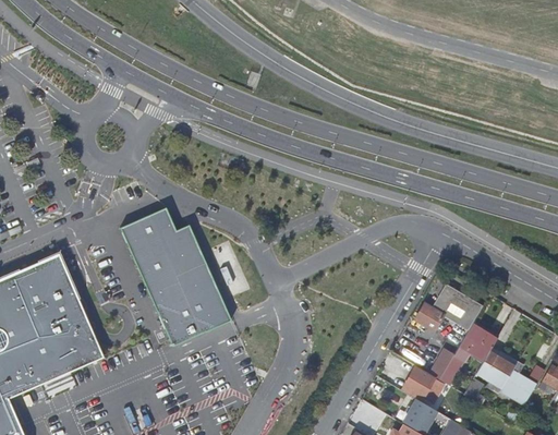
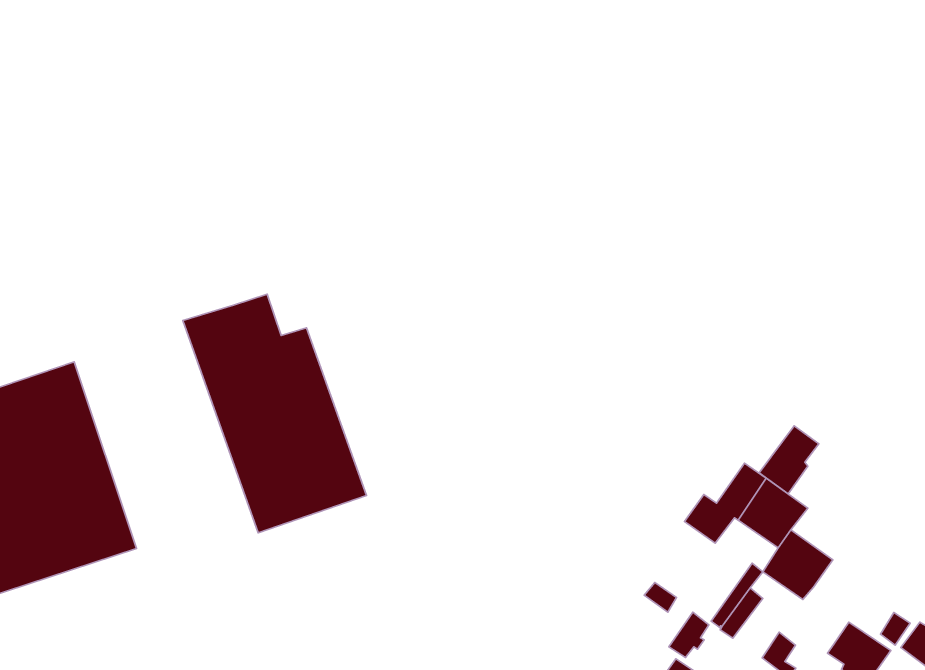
building: none -> [759,426,819,494]
building: [475,351,511,385] -> none

